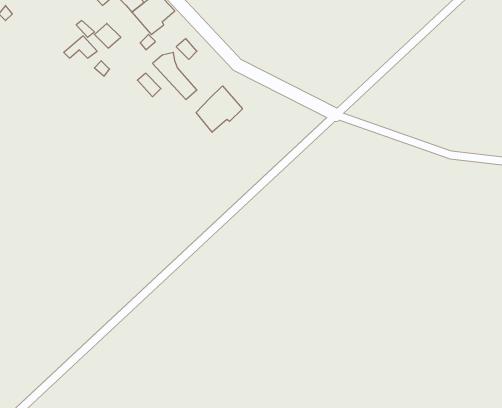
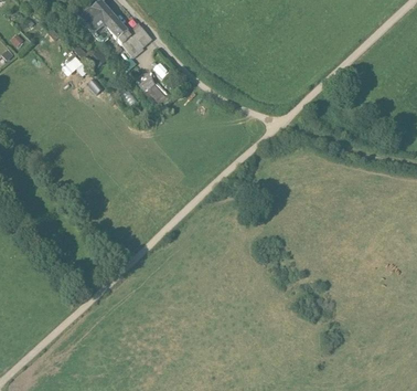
building: [196,86,242,132] -> none

